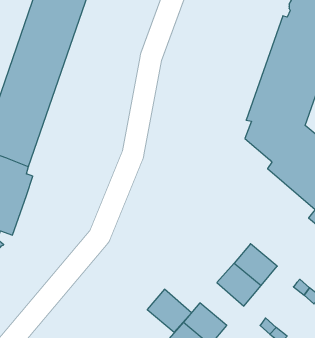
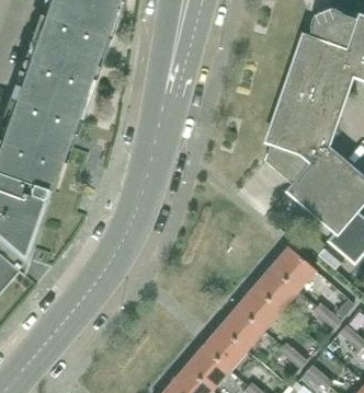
building: none -> [270,246,315,290]
building: [147,289,191,332] -> [218,307,263,350]

